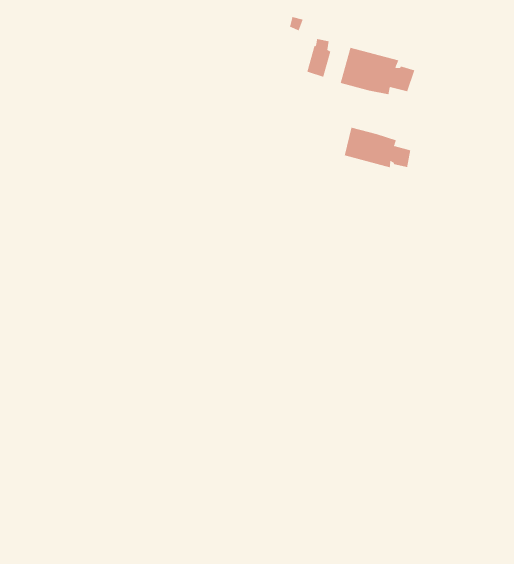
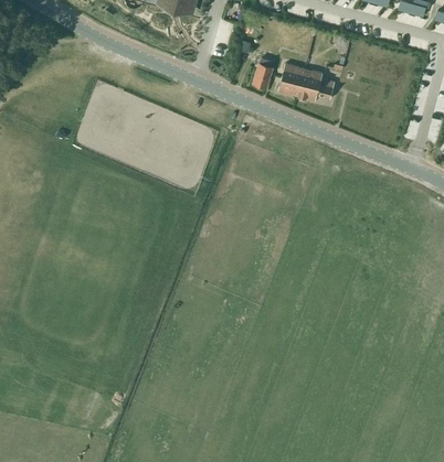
building: [344,127,411,168] -> none

